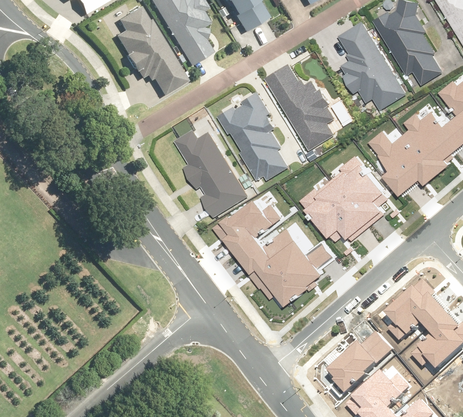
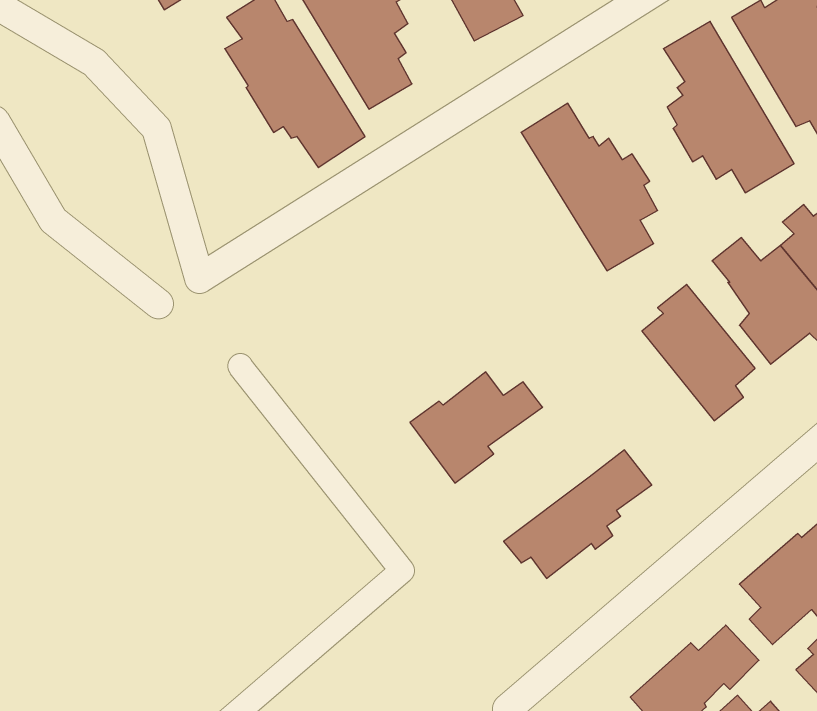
building: [220,91,290,179] -> none
building: [177,129,254,215] -> none
building: [297,180,367,243] -> none
building: [234,229,303,289] -> none

